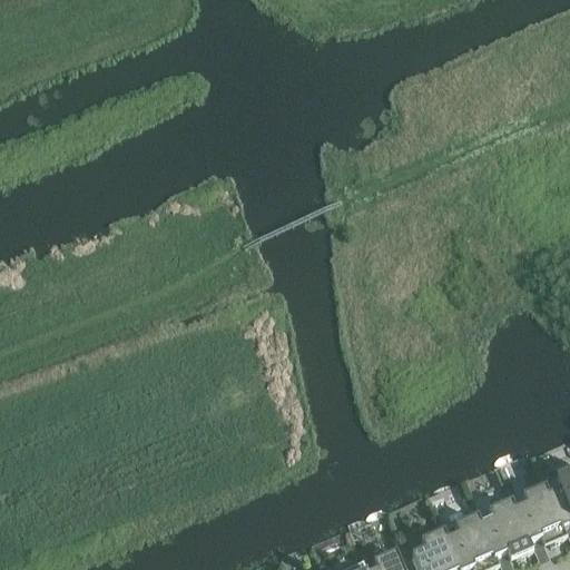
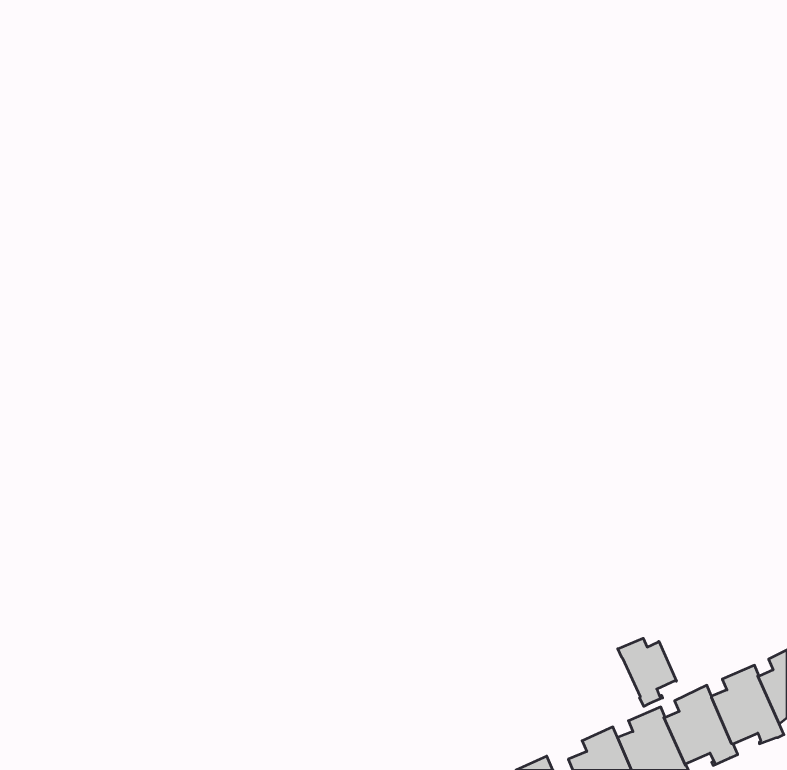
building: none -> [618,638,676,706]

